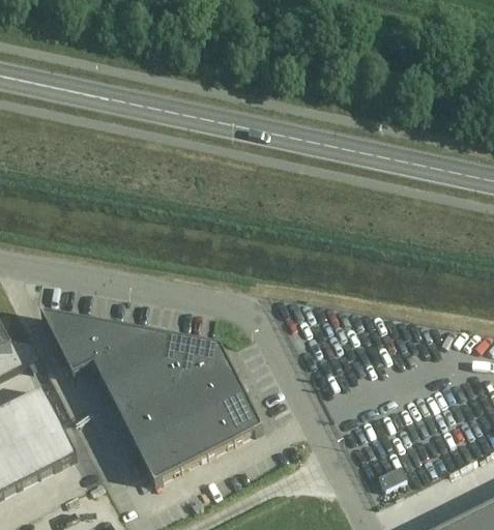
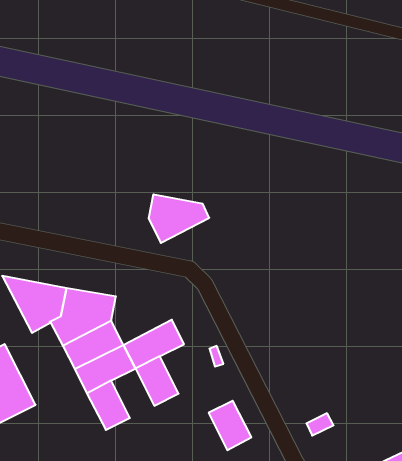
building: [159,331,227,385] -> [149,194,209,243]
building: [213,384,261,439] -> [209,401,251,450]
building: [159,411,207,466] -> none

